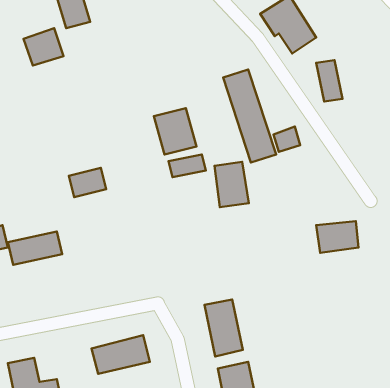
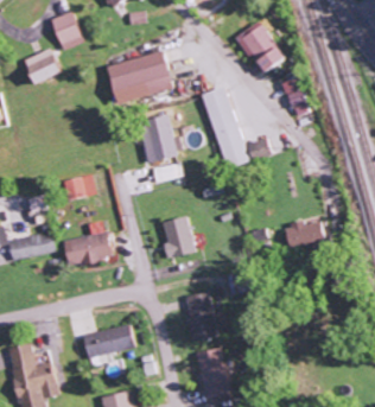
building: none -> [106,50,171,103]
building: [214,162,249,207] -> [161,216,192,256]
building: none -> [64,233,114,263]

